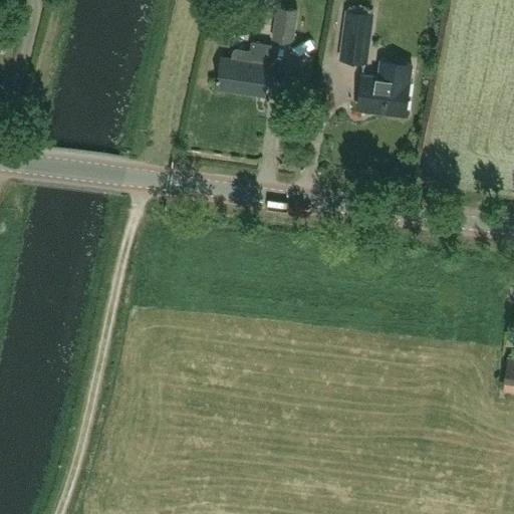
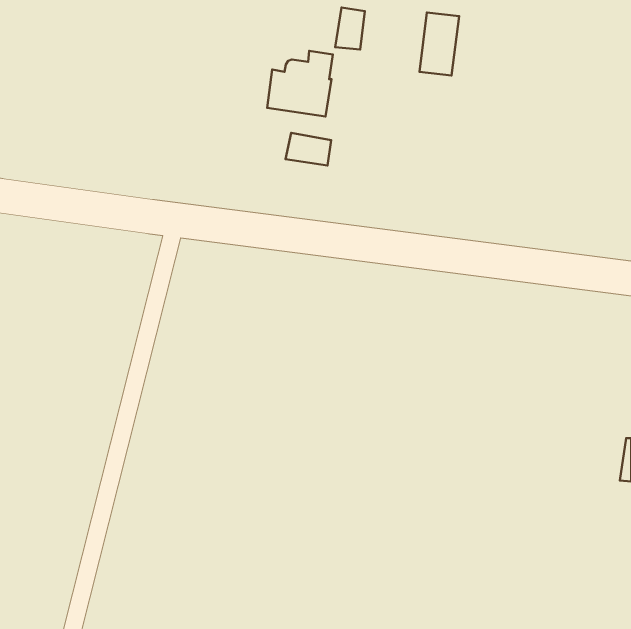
building: [357,62,411,115] -> none
building: none -> [286,133,331,166]

